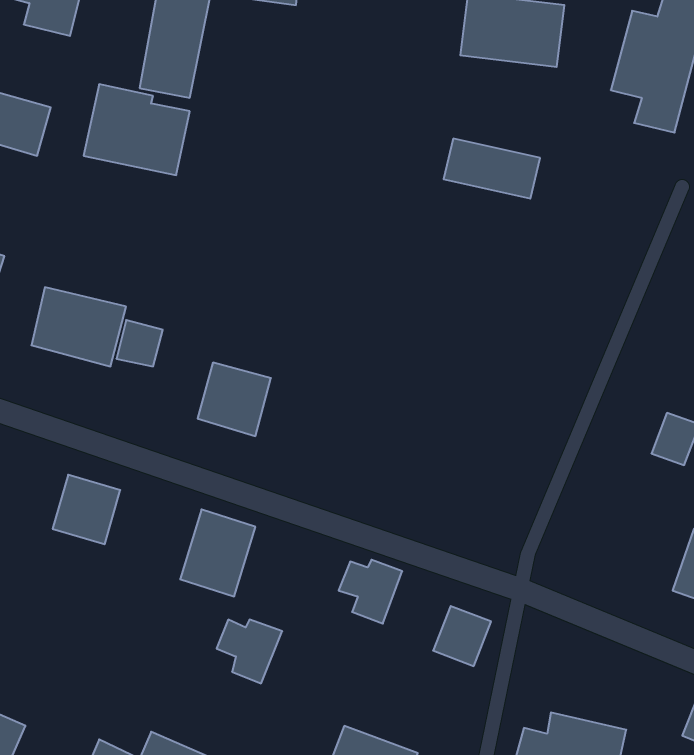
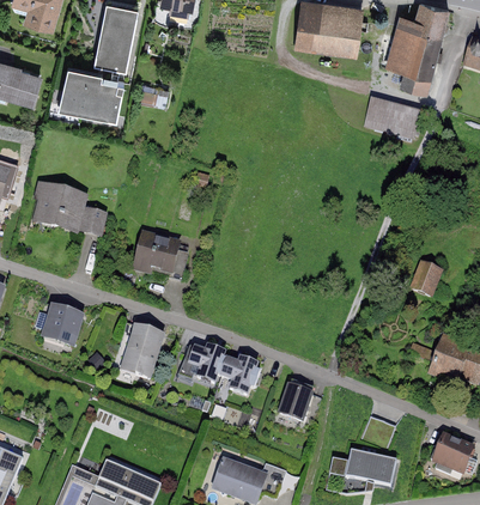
building: [444,139,540,199] -> [364,101,424,138]
building: [217,620,282,683] -> [187,342,227,382]

